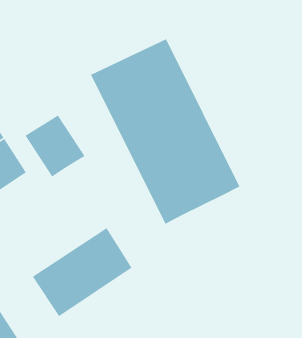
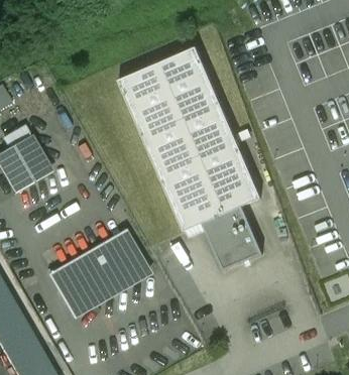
building: [25,114,85,177] -> none
building: none -> [201,206,261,270]

